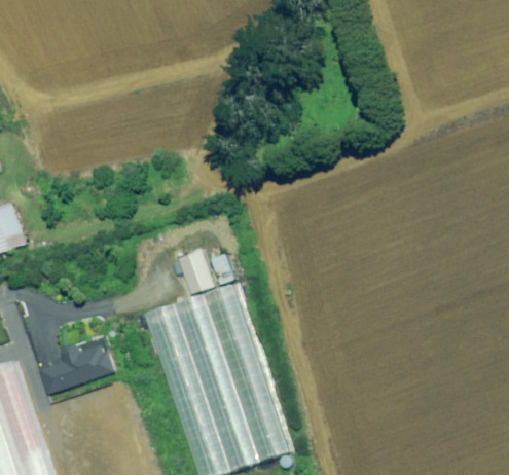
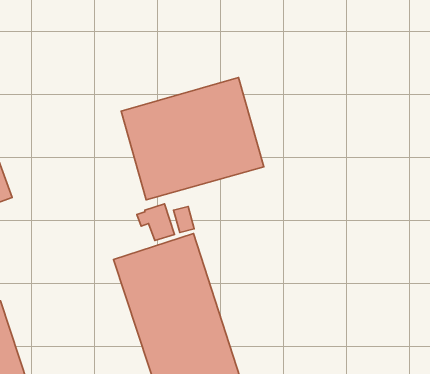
building: none -> [121,78,264,200]
building: [38,336,114,393] -> none

